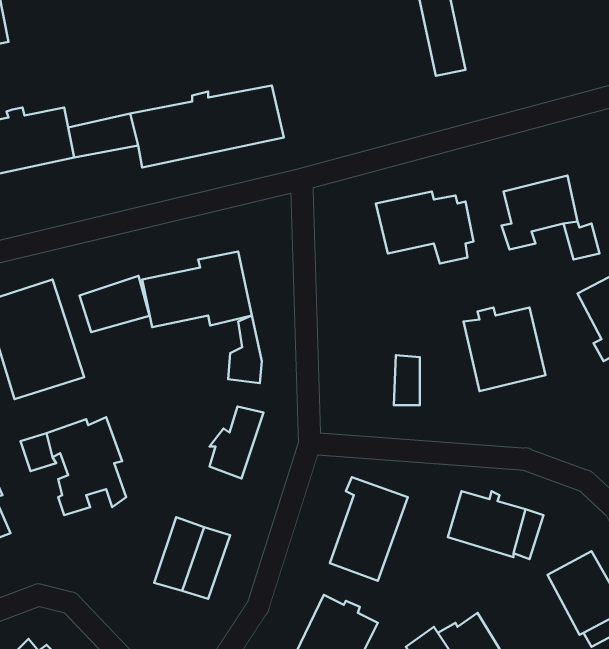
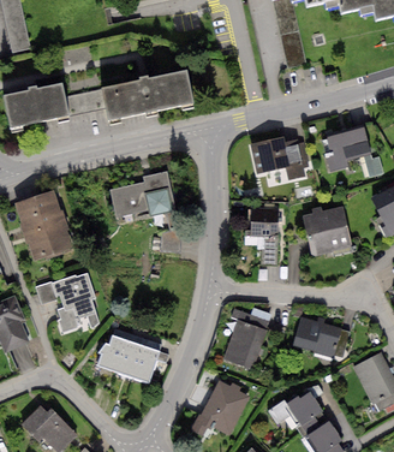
building: [79,276,150,332] -> none
building: none -> [250,206,277,236]
building: [210,406,264,478] -> [97,328,130,371]

